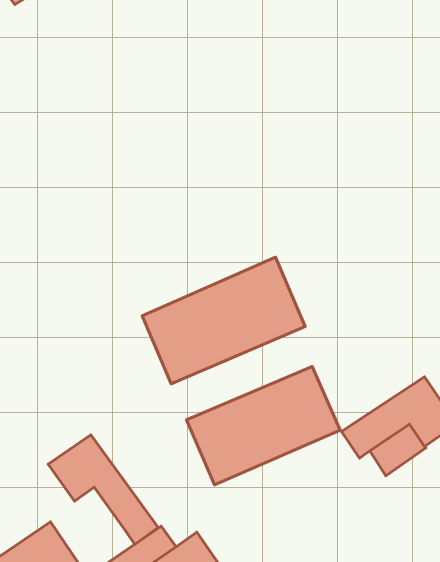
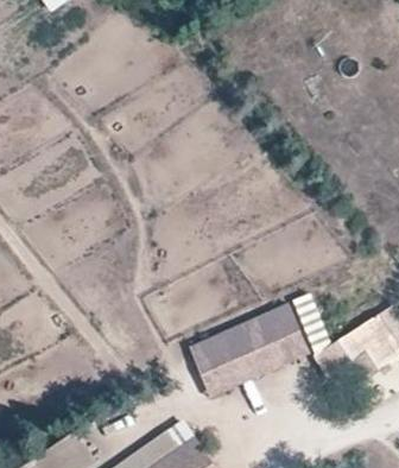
building: [142,257,305,384] -> none
building: [48,435,158,544] -> none

